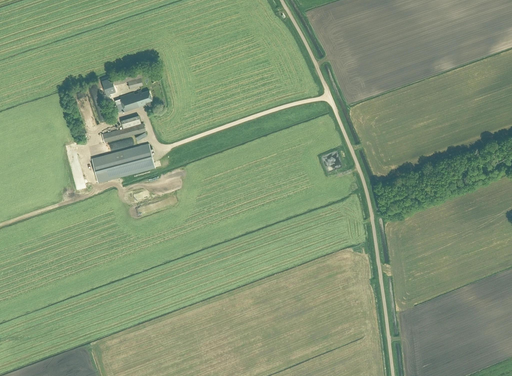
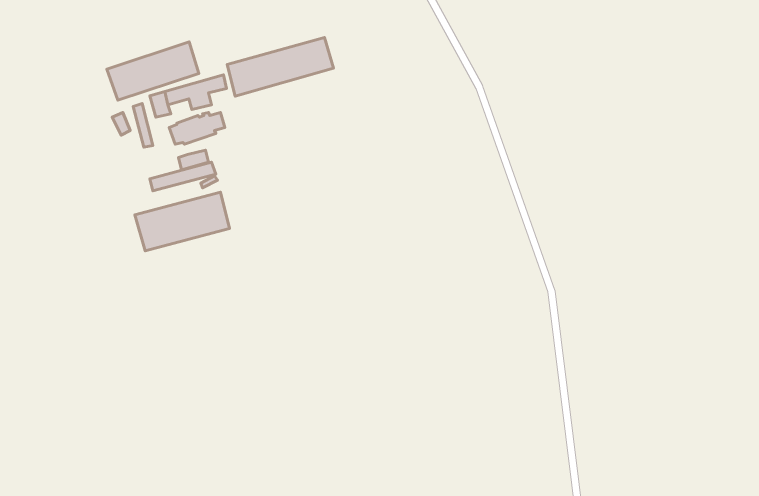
building: none -> [227,37,334,96]
building: none -> [107,42,199,100]

